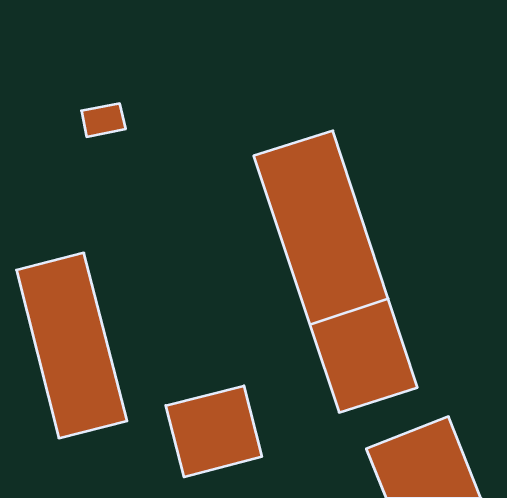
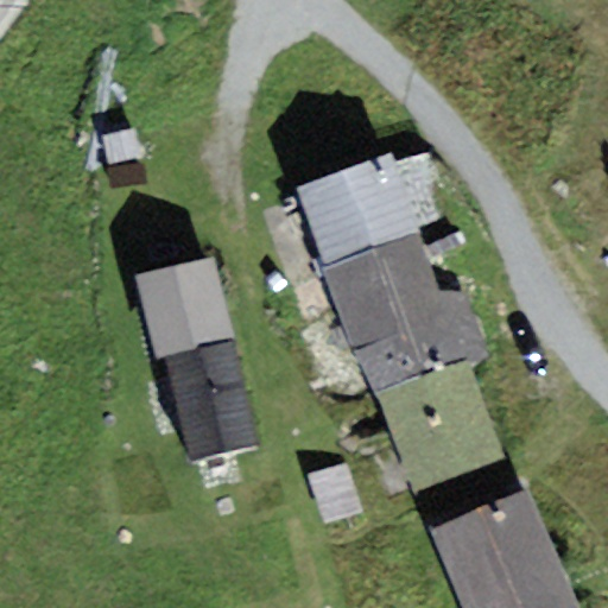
building: [16,253,127,438] -> [138,253,268,471]
building: [166,386,262,477] -> none

